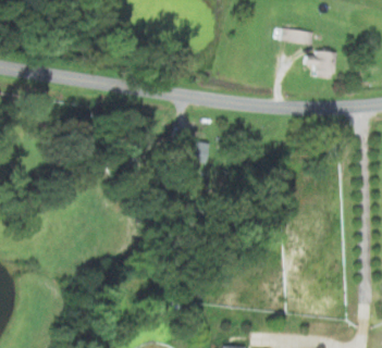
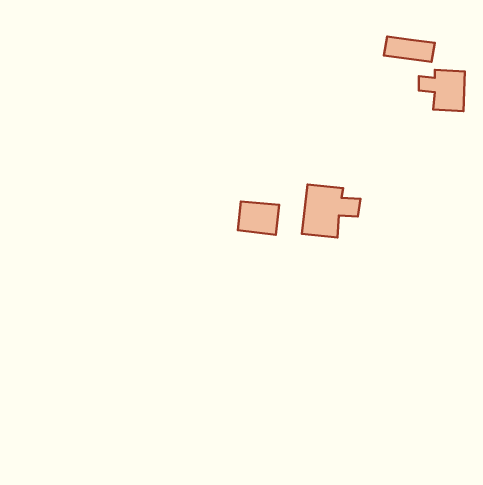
building: none -> [302,184,360,238]

